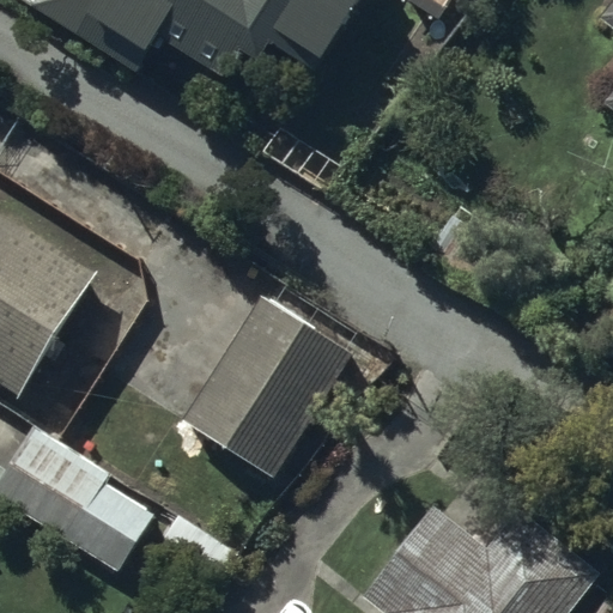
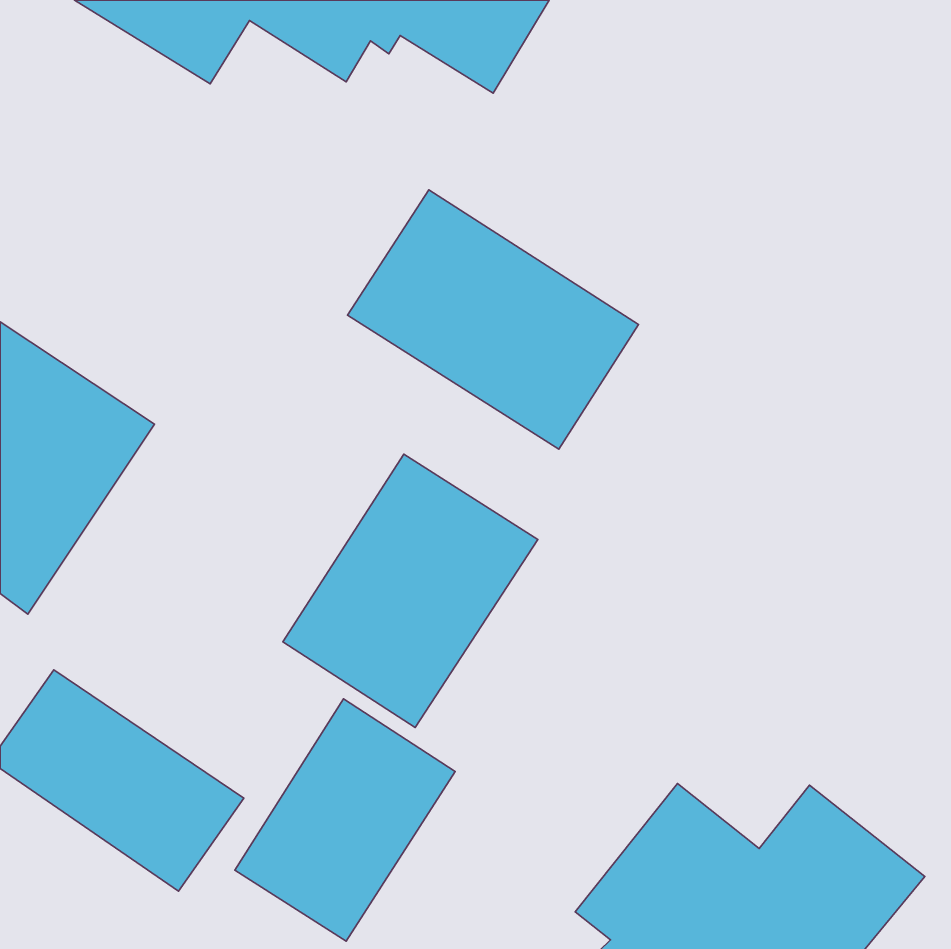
building: none -> [348,190,638,449]
building: none -> [235,699,455,941]

